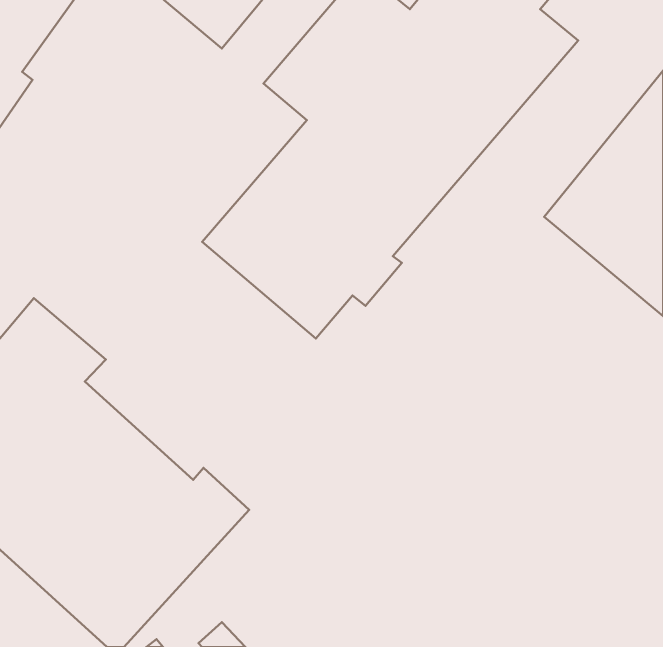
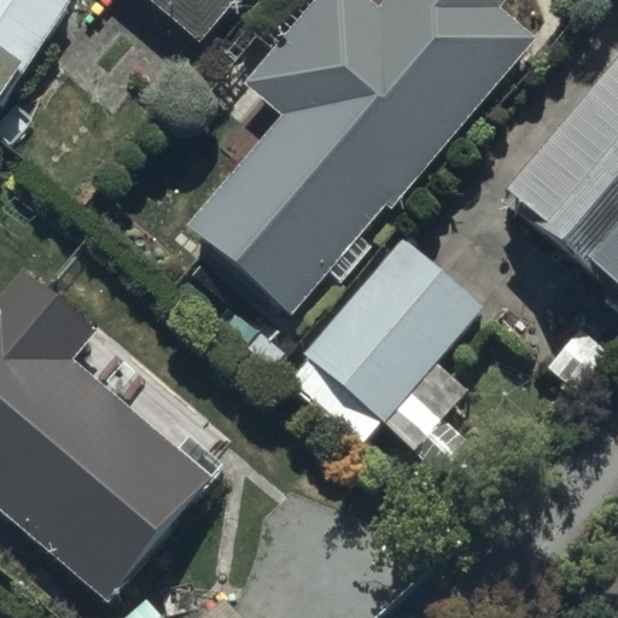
building: none -> [290,238,484,444]

